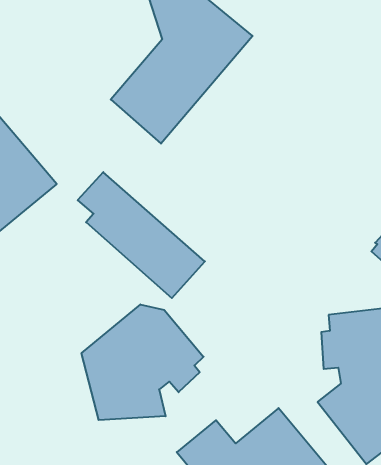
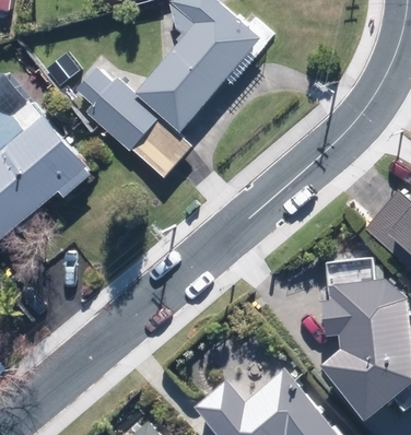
building: [78,172,205,298] -> [79,67,192,179]
building: [82,304,204,420] -> none

